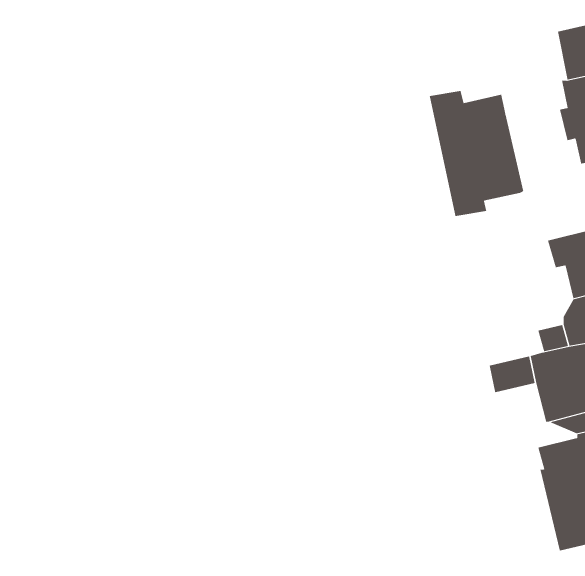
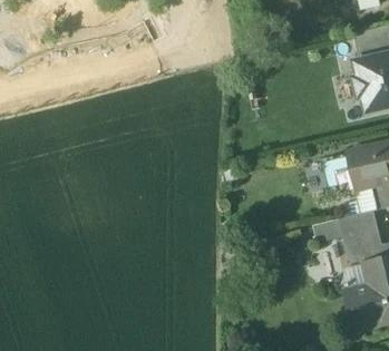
building: [429,90,524,217] -> none

